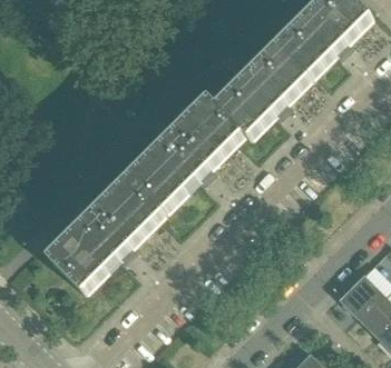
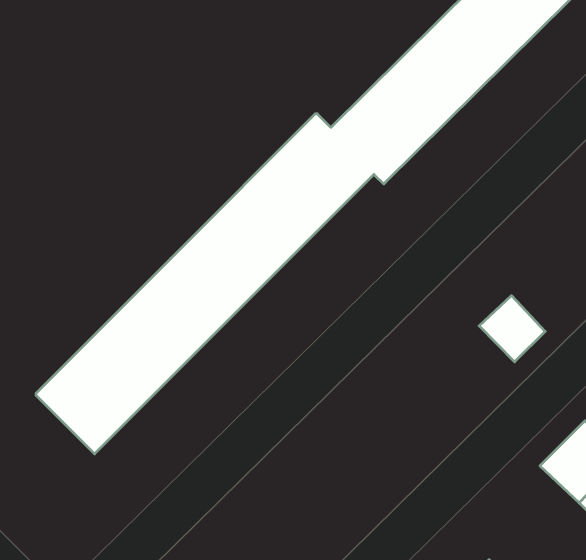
building: none -> [479,296,545,362]

